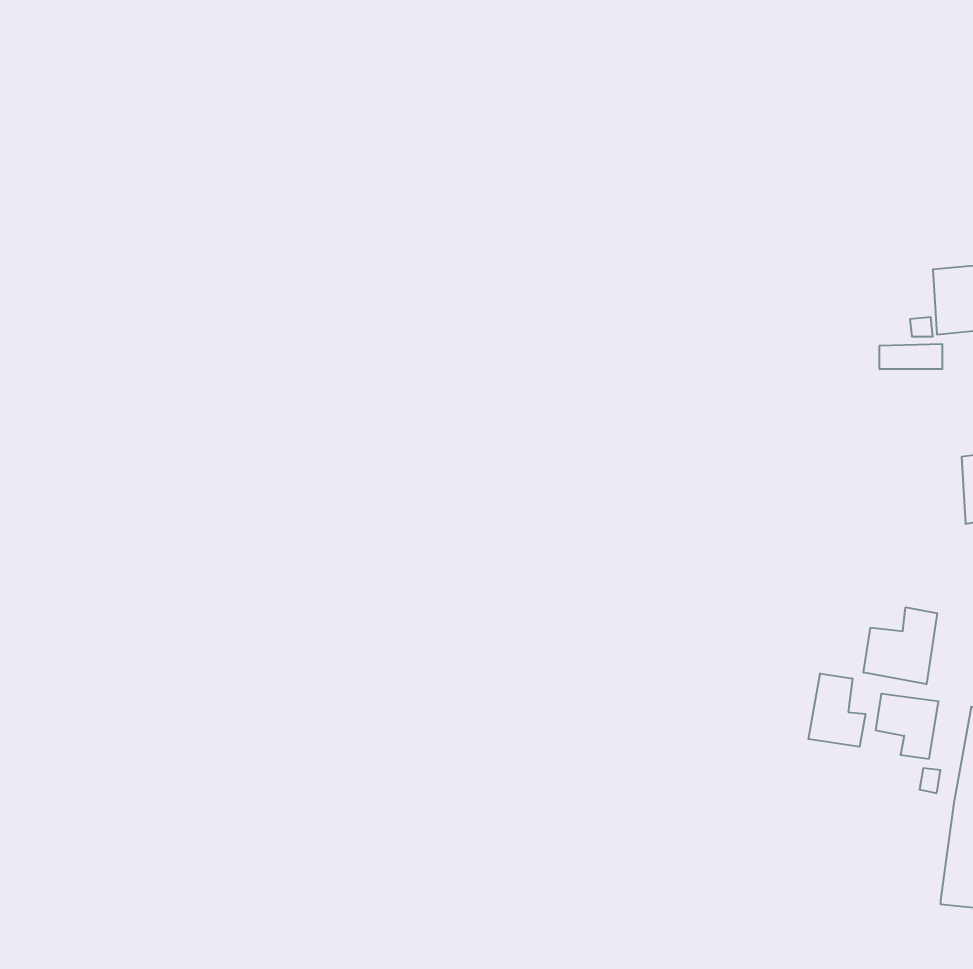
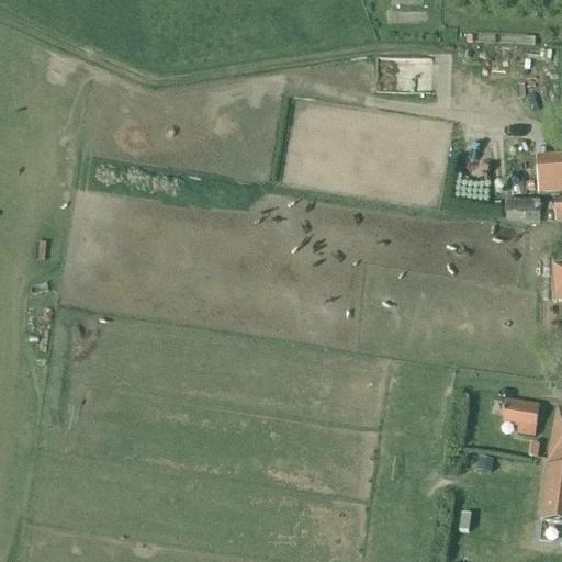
building: [864,607,937,684] -> none
building: [808,673,865,747] -> none

